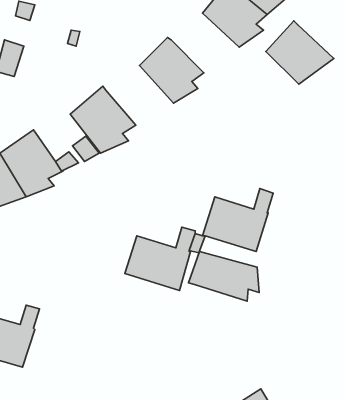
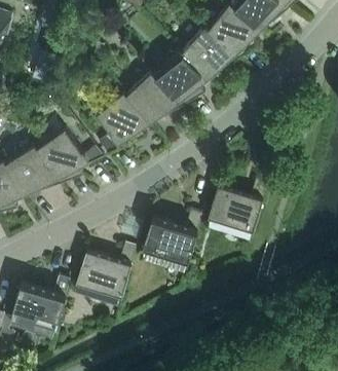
building: [266,21,334,84] -> [180,27,237,80]
building: none -> [124,72,182,124]
building: [189,251,259,301] -> none
building: none -> [75,244,135,297]

